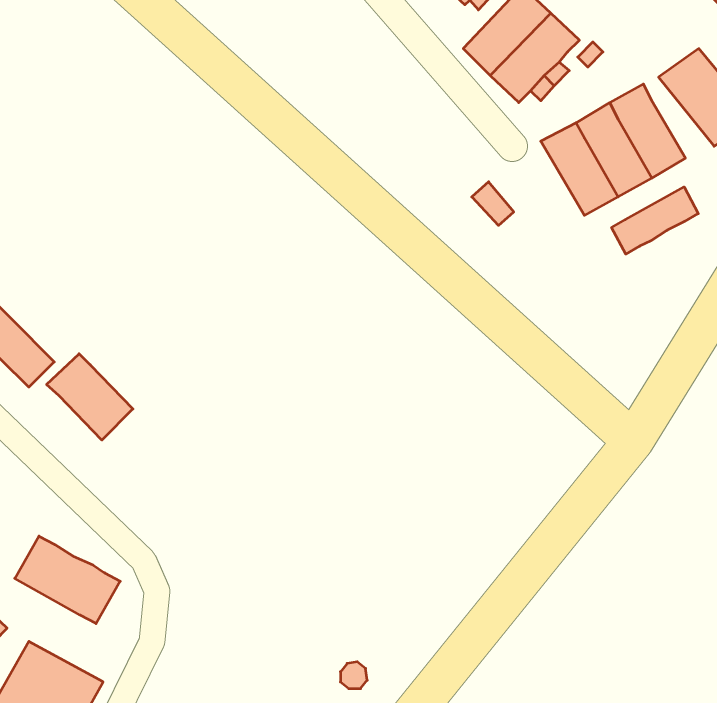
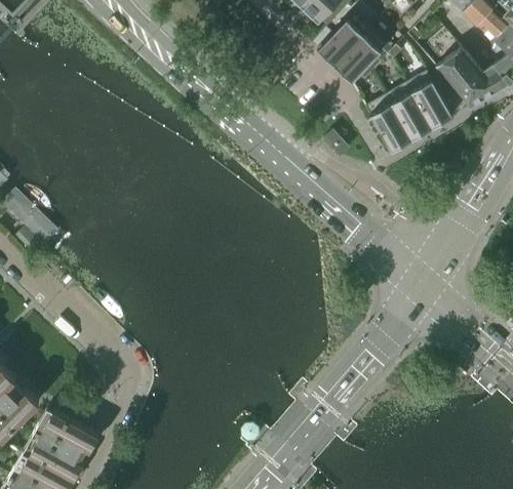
building: [612,187,698,254] -> none
building: [47,354,133,440] -> none
building: [15,536,120,624] -> none

